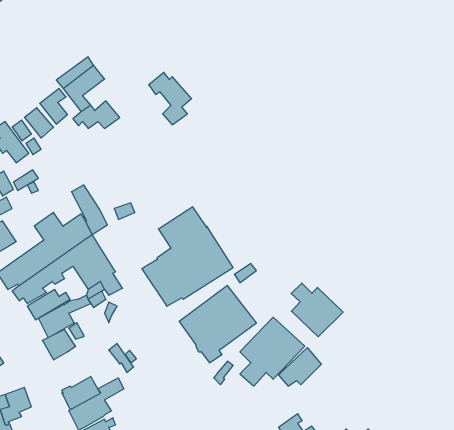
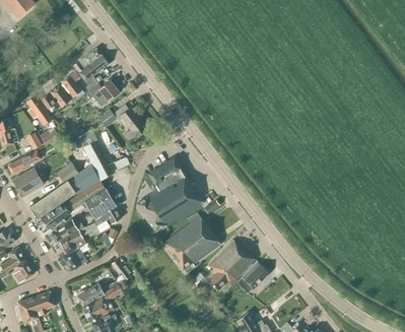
building: [149,72,192,125] -> [114,105,145,143]
building: [291,283,343,337] -> none

